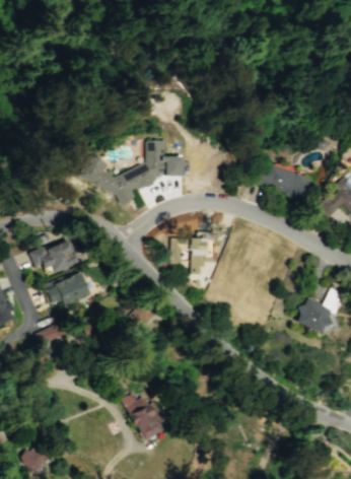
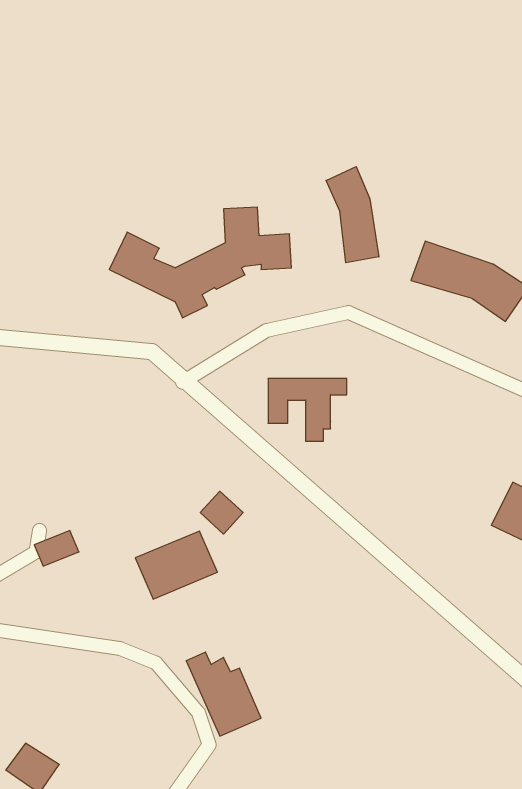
building: none -> [326,167,379,263]
building: [31,240,79,273] -> none
building: [47,271,93,310] -> [135,531,217,599]

